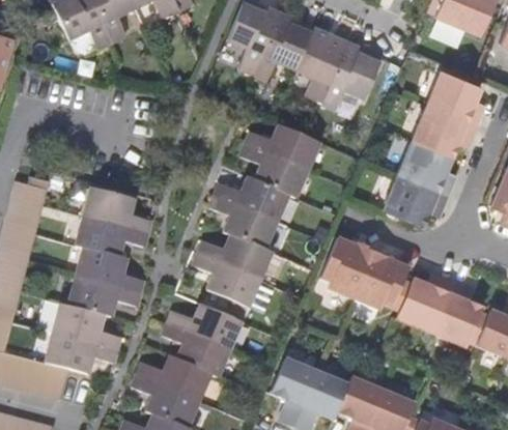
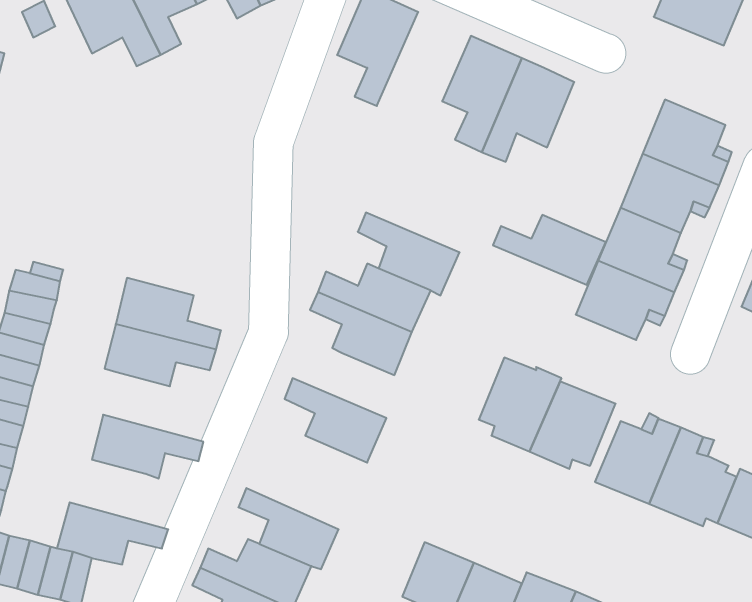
building: [254,13,315,81] -> none
building: [247,124,320,170] -> [493,215,606,285]
building: [199,235,272,278] -> none
building: [76,248,144,293] -> none
building: [54,304,121,350] -> none
building: [169,304,242,350] -> none

